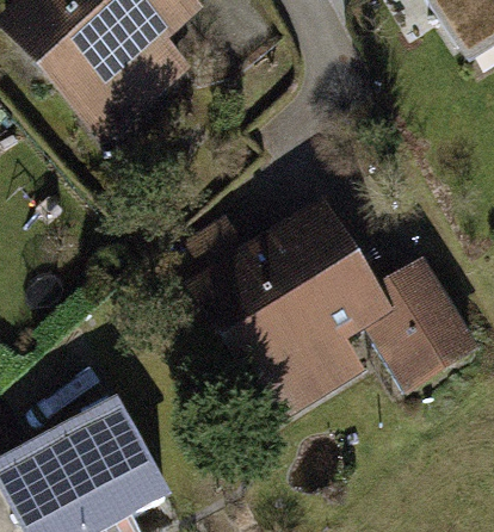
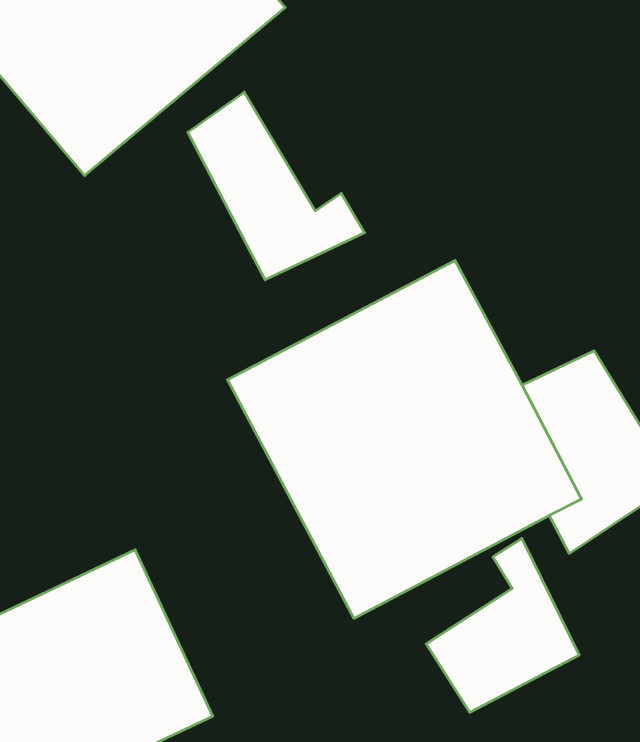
building: none -> [188,92,365,280]
building: none -> [426,538,579,712]

